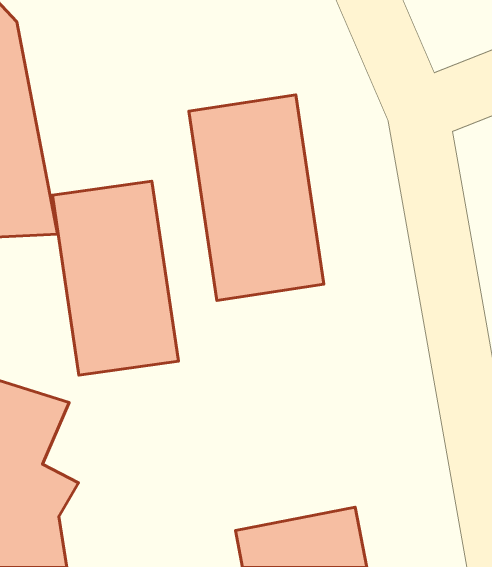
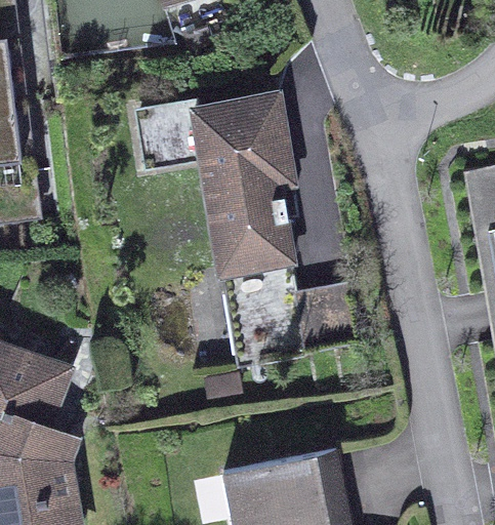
building: [52,181,178,375] -> none

